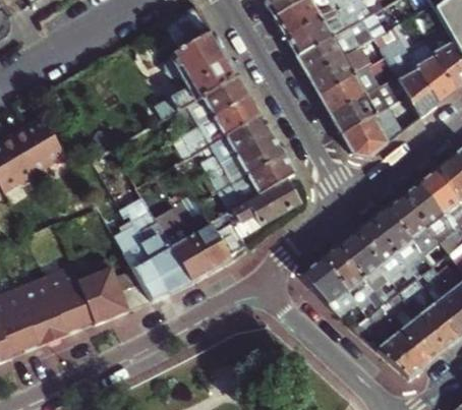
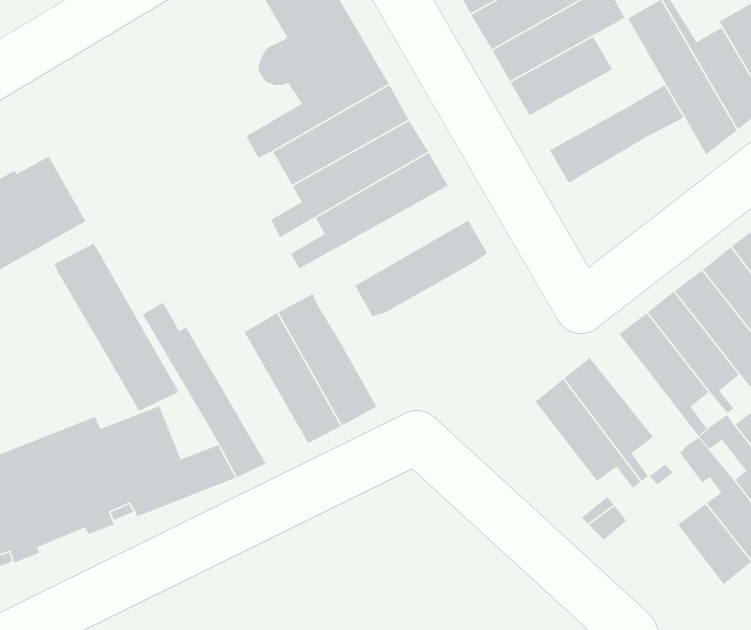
building: [319,69,378,115] -> none
building: [341,108,400,158] -> none
building: [208,135,284,192] -> none
building: [210,180,299,261] -> none
building: [120,197,192,294] -> [53,242,180,412]
building: [353,220,415,283] -> none
building: [299,258,358,318] -> none
building: [374,304,429,379] -> none

